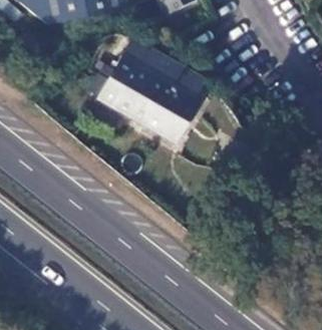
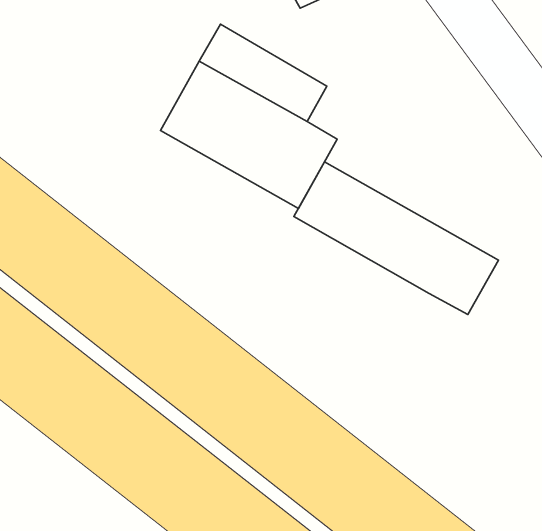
building: none -> [294,162,499,315]

